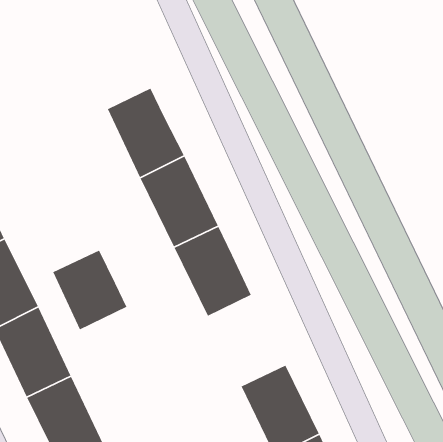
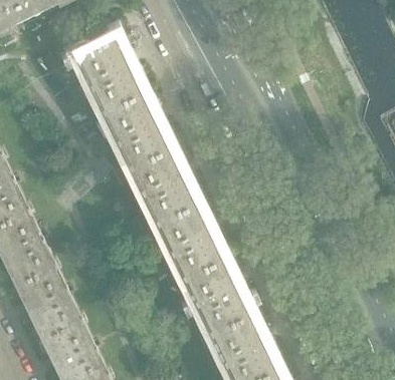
building: none -> [77,35,141,109]
building: [52,250,128,331] -> none
building: none -> [186,258,248,330]

